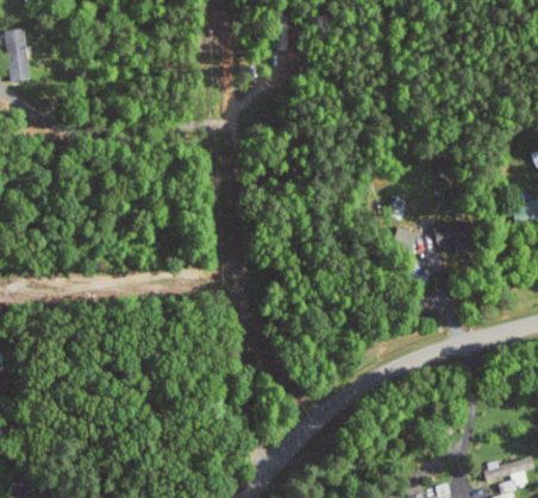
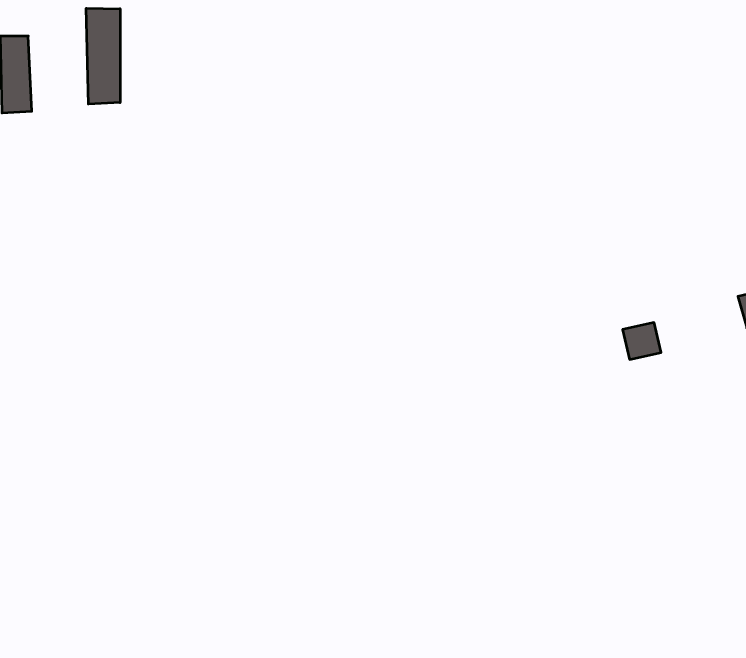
building: none -> [86,8,120,104]

